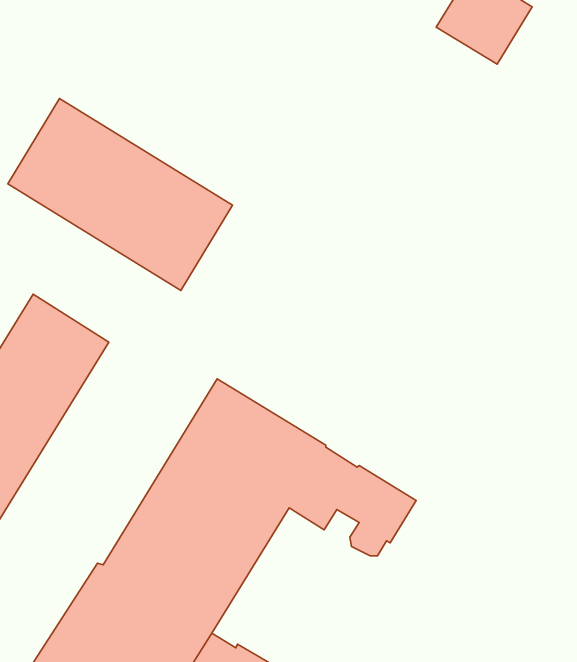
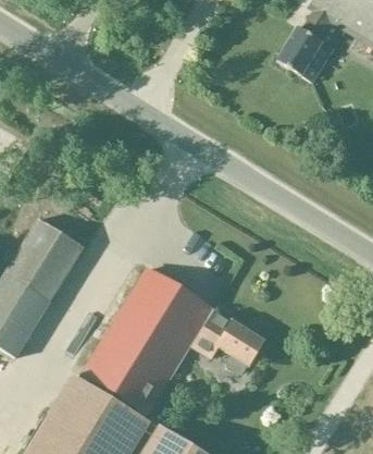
building: [8,98,233,291] -> none

